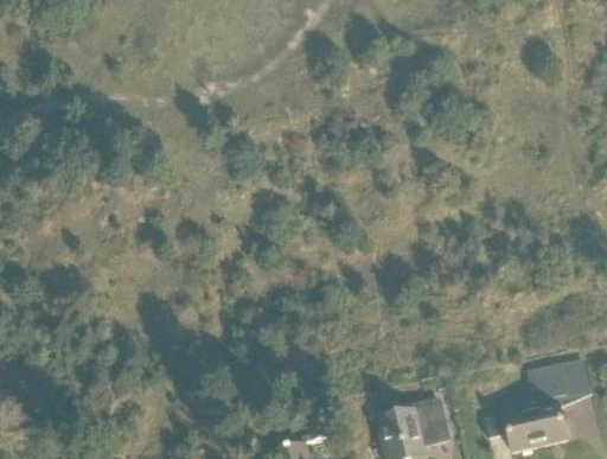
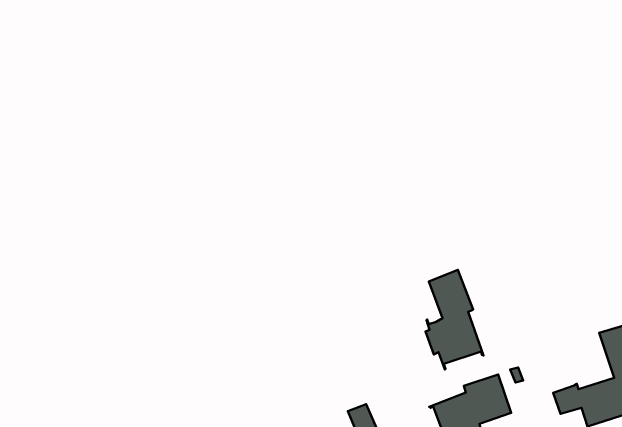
building: none -> [425,270,483,369]

